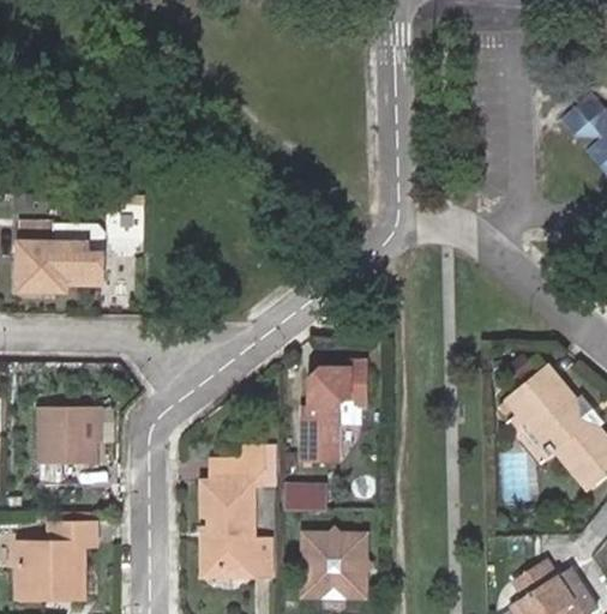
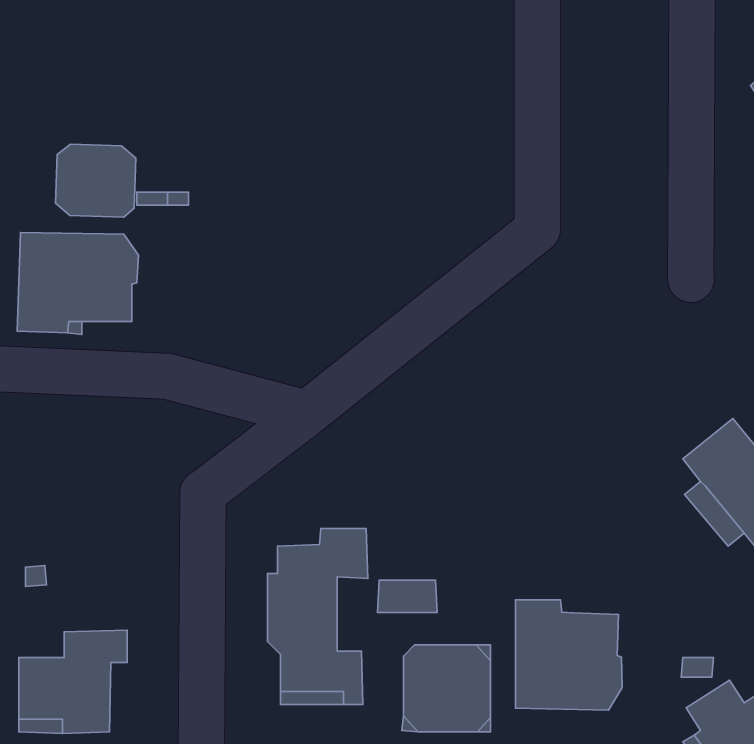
building: none -> [56,144,136,217]
building: [304,361,367,463] -> none
building: [40,407,97,481] -> none
building: none -> [515,600,622,710]

